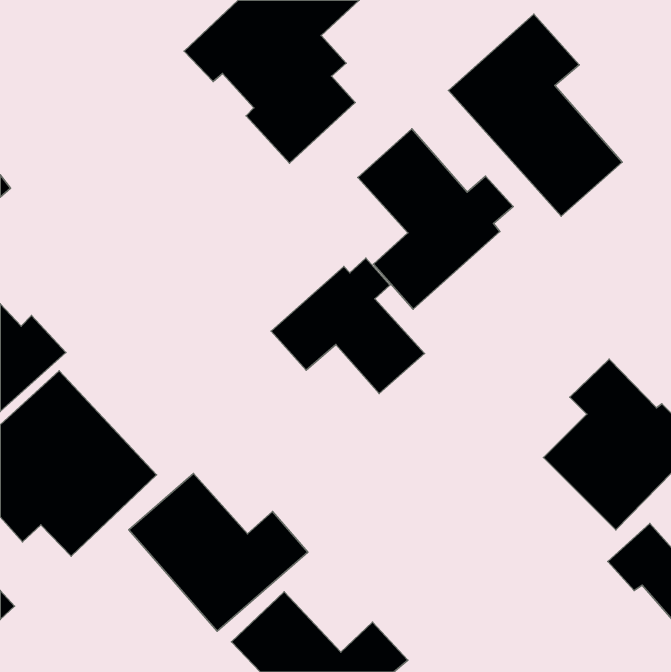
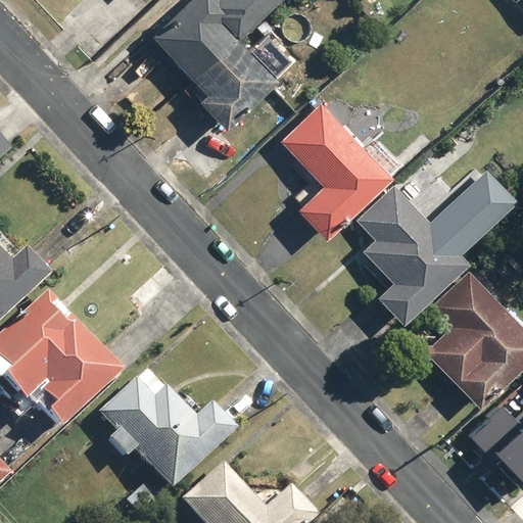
building: [448,14,622,216] -> none
building: none -> [360,172,517,325]
building: [271,258,425,394] -> none

